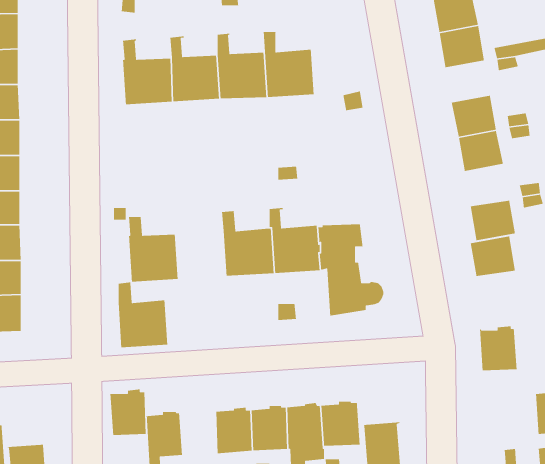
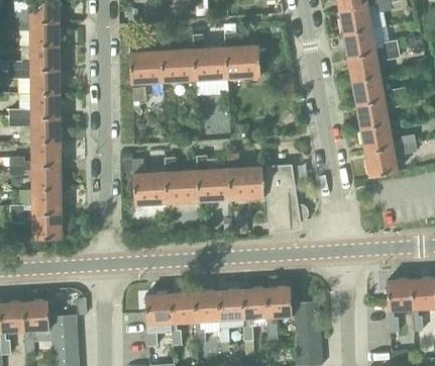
building: none -> [348,54,379,82]
building: [470,236,516,277] -> [361,124,393,153]
building: [118,282,168,348] -> [165,158,199,203]
building: [479,325,517,371] -> [386,279,412,310]
building: [110,389,147,436] -> [168,291,193,324]

